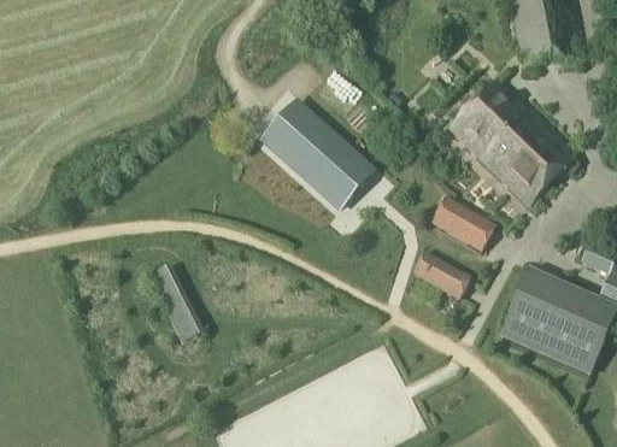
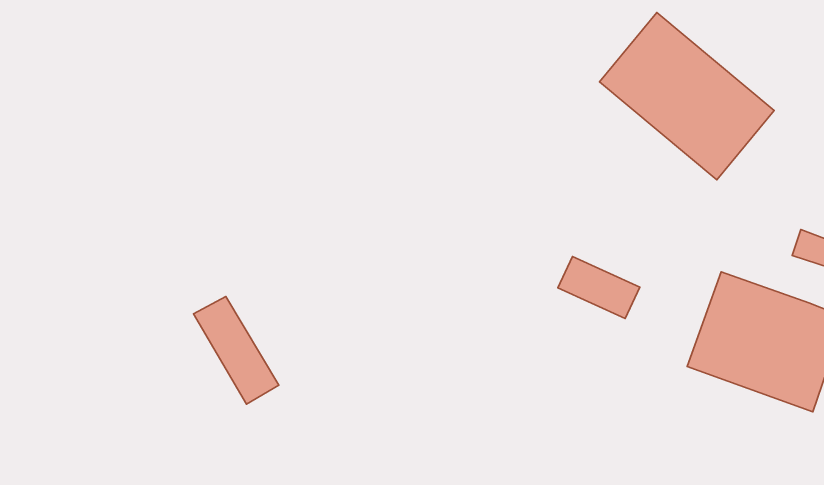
building: [258,98,374,210] -> none
building: [429,194,494,249] -> none

